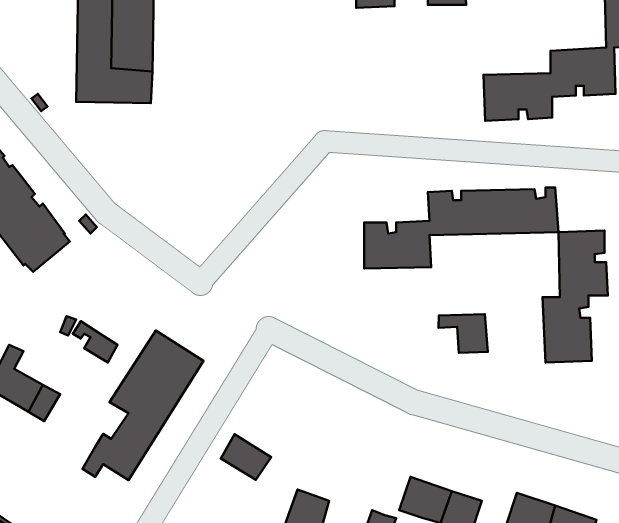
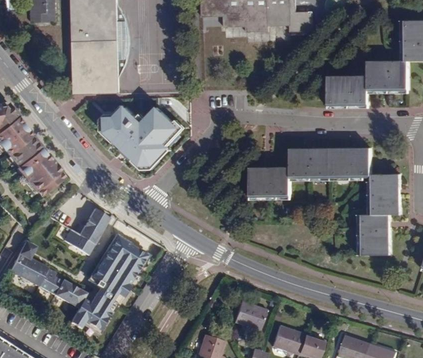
building: none -> [107,108,178,165]
building: none -> [80,208,111,245]
building: [438,314,488,353] -> none
building: none -> [48,279,87,309]
building: [221,434,271,480] -> none
building: none -> [234,305,266,334]

